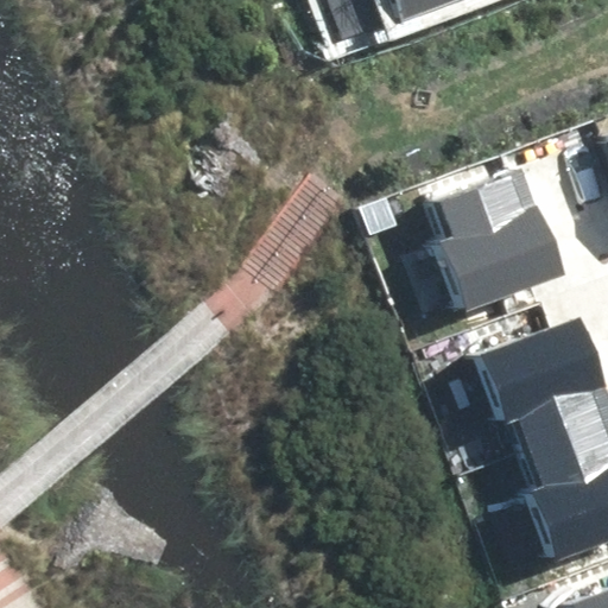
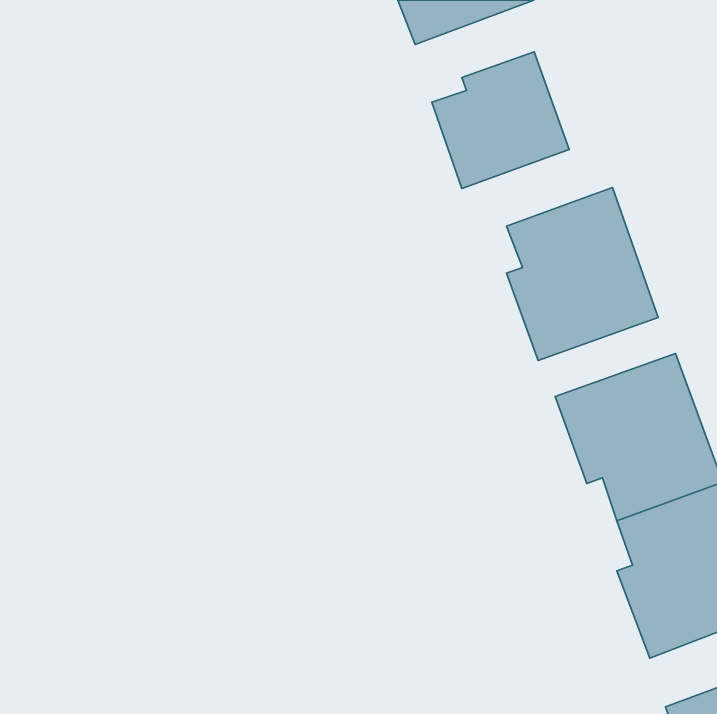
building: none -> [432,52,569,188]

